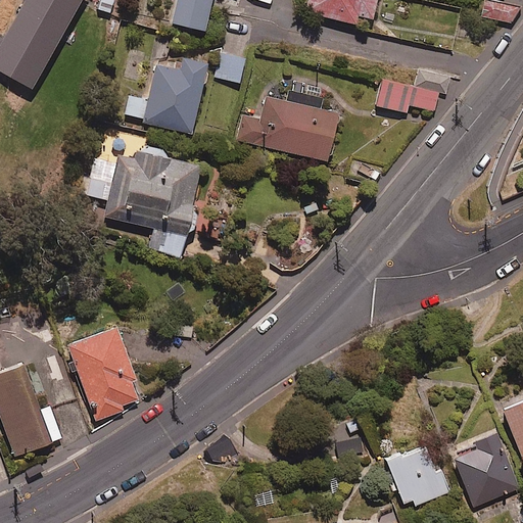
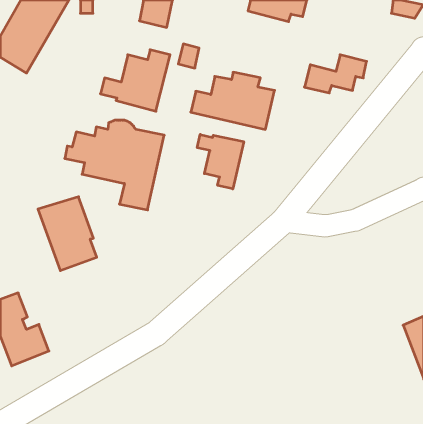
building: none -> [197,134,244,189]
building: [62,329,135,420] -> [38,197,97,271]
building: [448,423,518,504] -> none
building: [381,437,448,504] -> none

